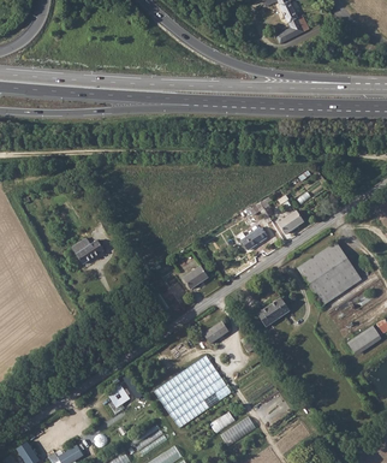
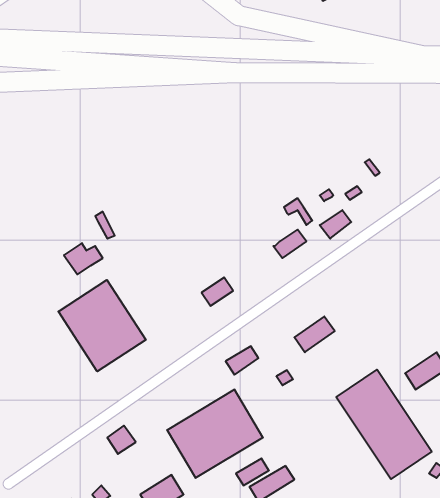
building: [297,242,361,305] -> none
building: none -> [58,280,146,371]
building: none -> [336,370,432,479]

